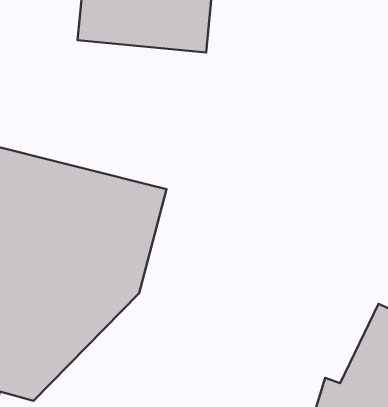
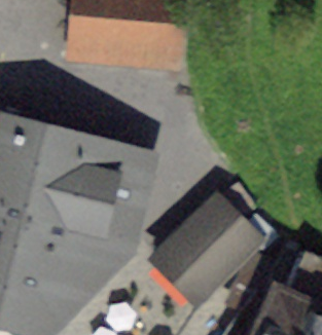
building: none -> [150,203,245,299]

